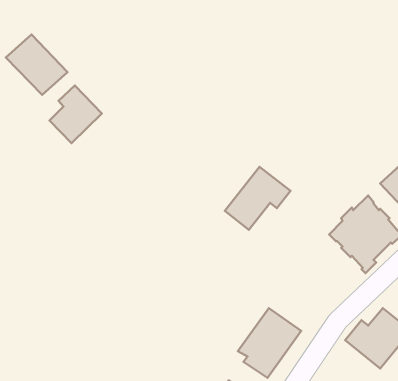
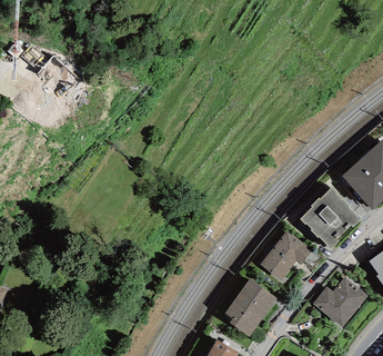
building: [50,86,102,143] -> none
building: [225,167,290,230] -> [258,229,312,281]

